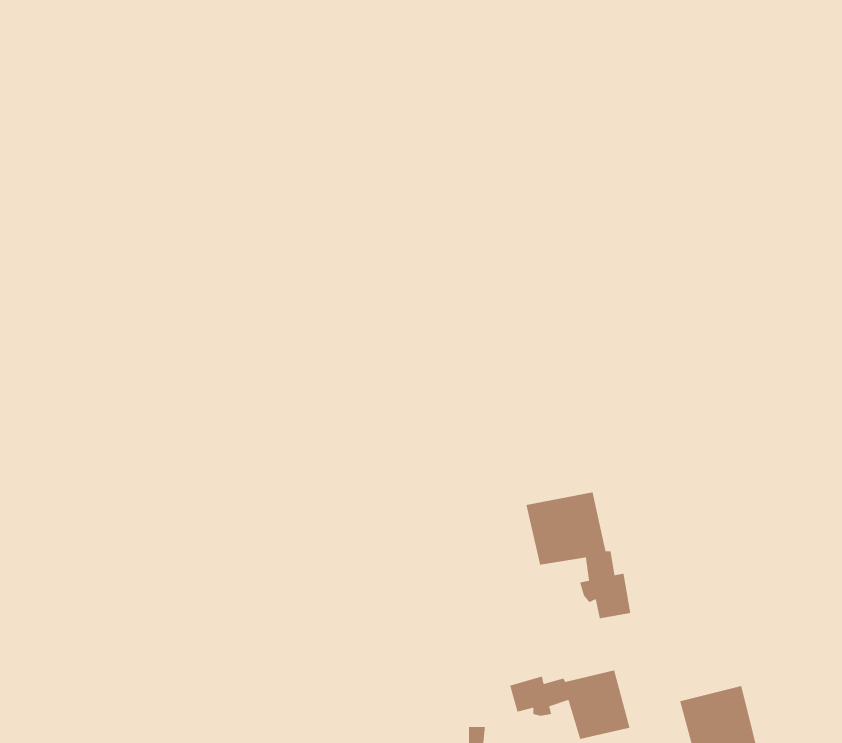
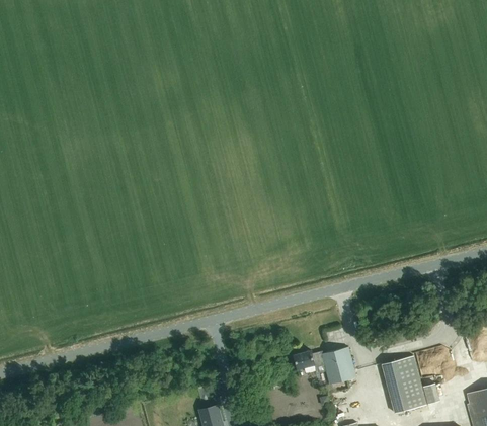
building: [525,492,631,619] -> none

